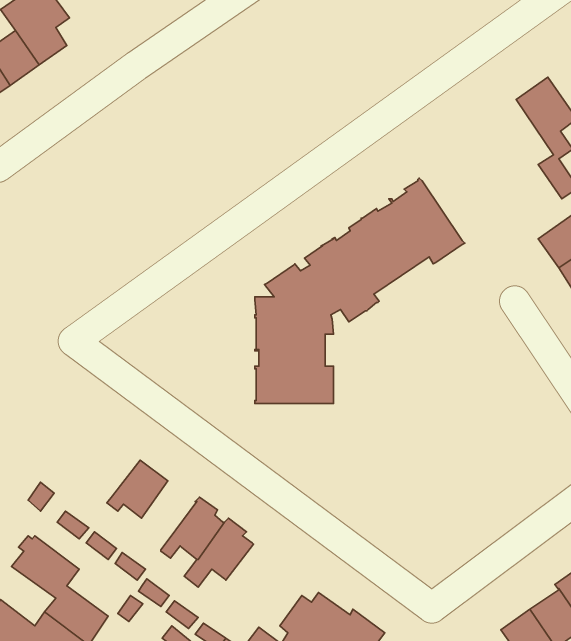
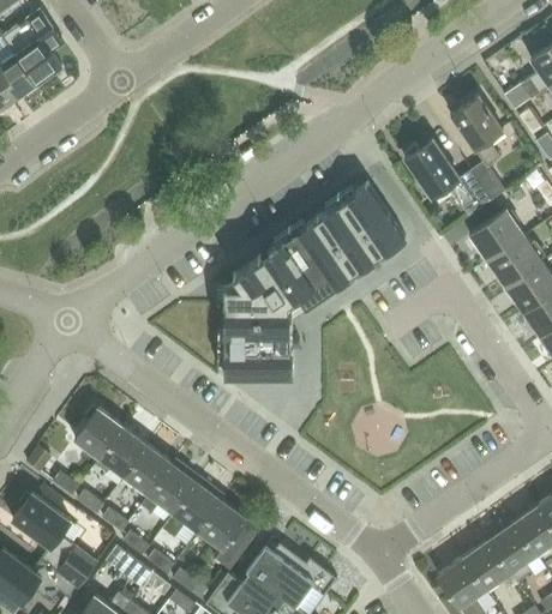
building: none -> [403,139,490,217]
building: none -> [73,409,124,459]
building: none -> [125,446,173,496]
building: none -> [198,501,251,571]

